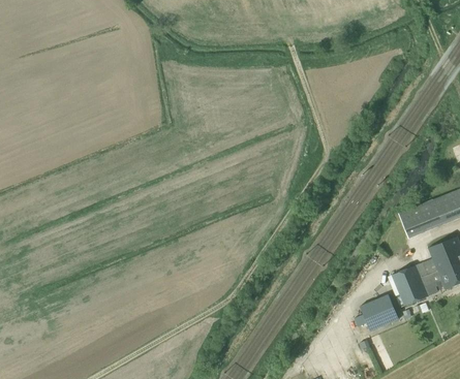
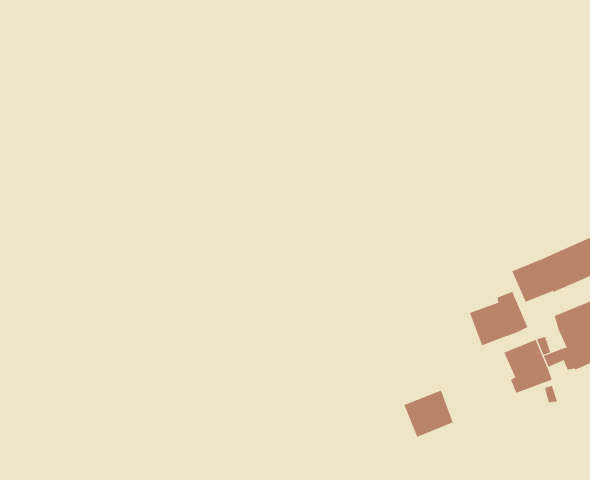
building: none -> [469,291,528,346]
building: [361,294,399,330] -> [403,390,454,437]

